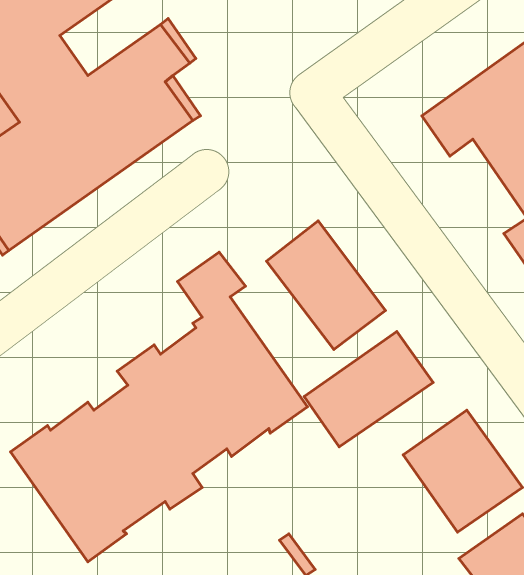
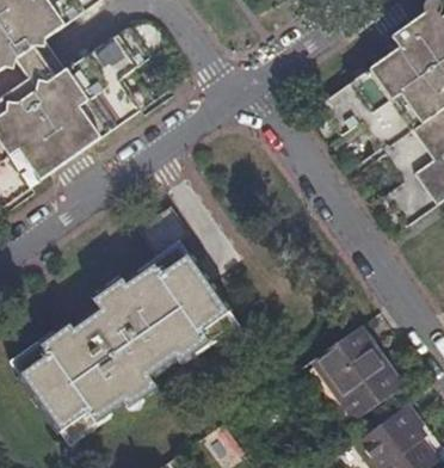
building: [266,221,385,349] -> none
building: [304,332,433,447] -> none

